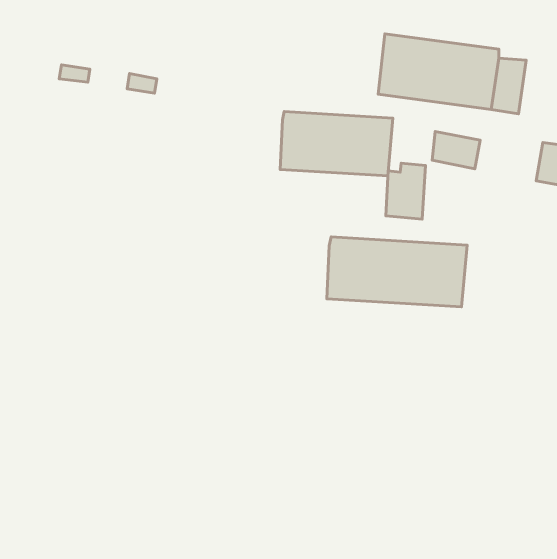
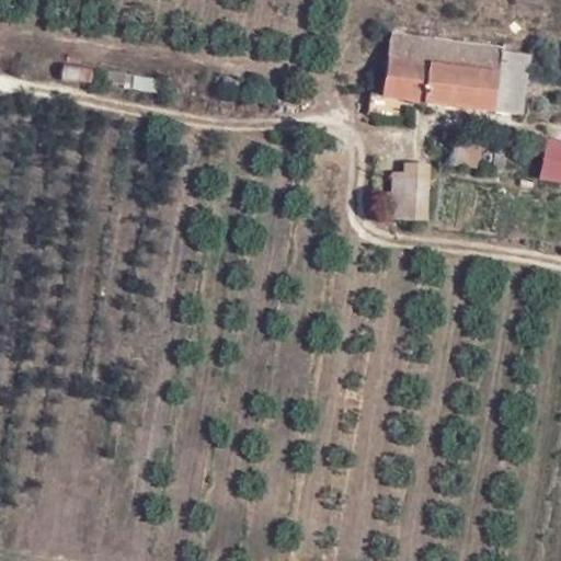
building: [280,112,393,176] -> none
building: [327,237,467,307] -> none

